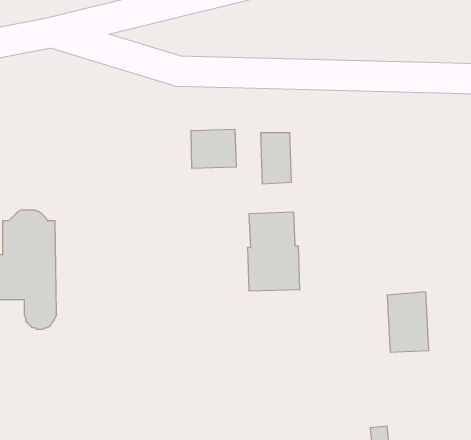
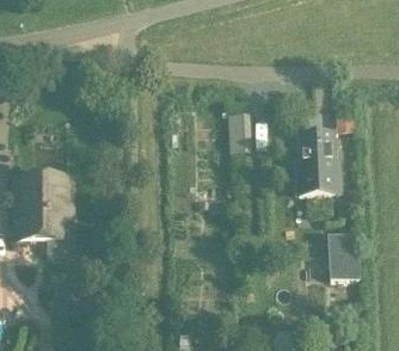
building: [191,129,236,168] -> none
building: [247,212,300,291] -> [296,130,337,191]

